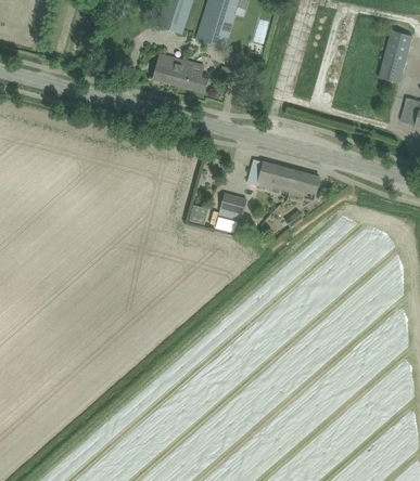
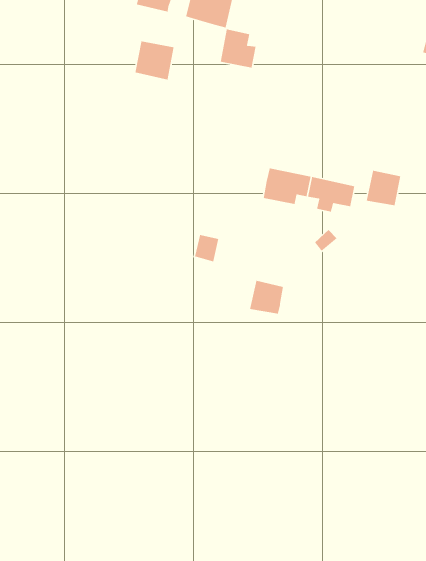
building: [178,60,207,92] -> [220,28,256,69]
building: none -> [366,170,401,206]
building: [217,192,245,220] -> [249,280,284,315]

